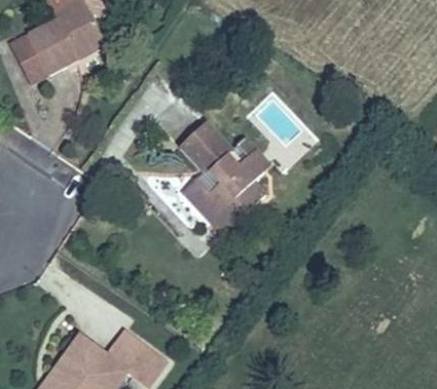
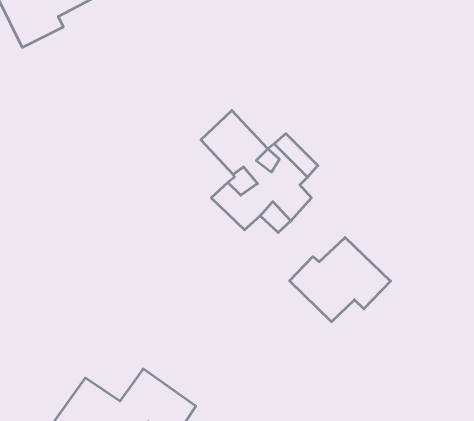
building: none -> [290,237,391,322]

